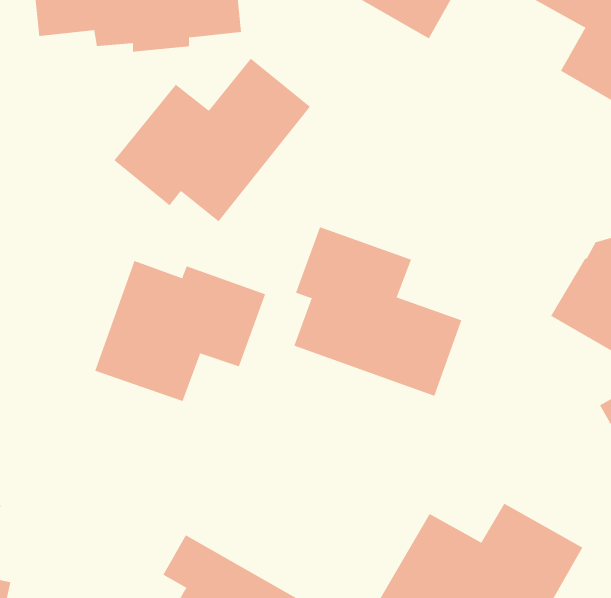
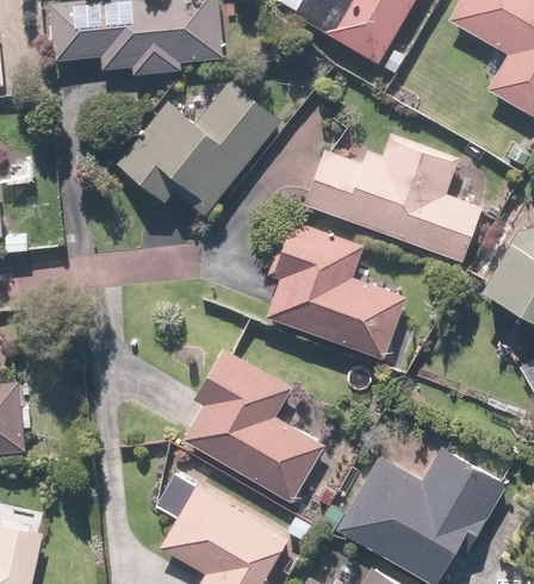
building: none -> [303,133,482,262]
building: [94,260,266,402] -> none
building: none -> [182,348,324,502]

